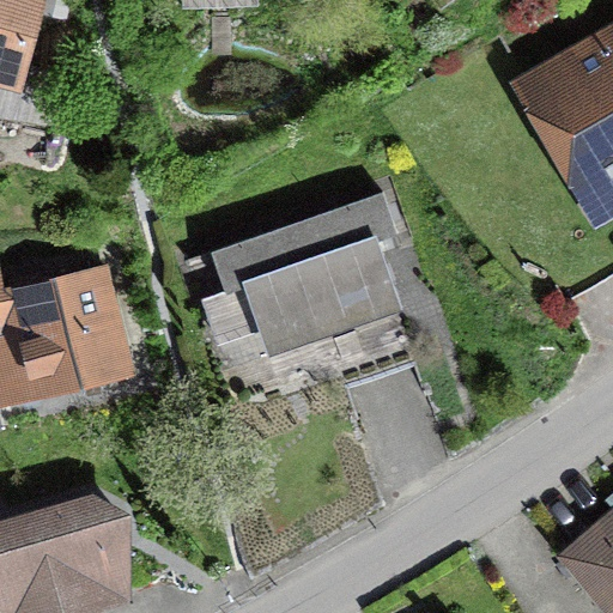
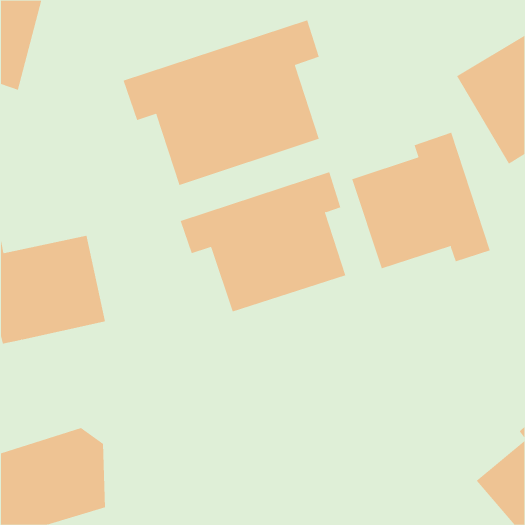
building: none -> [123,20,319,186]
building: none -> [351,132,491,269]

